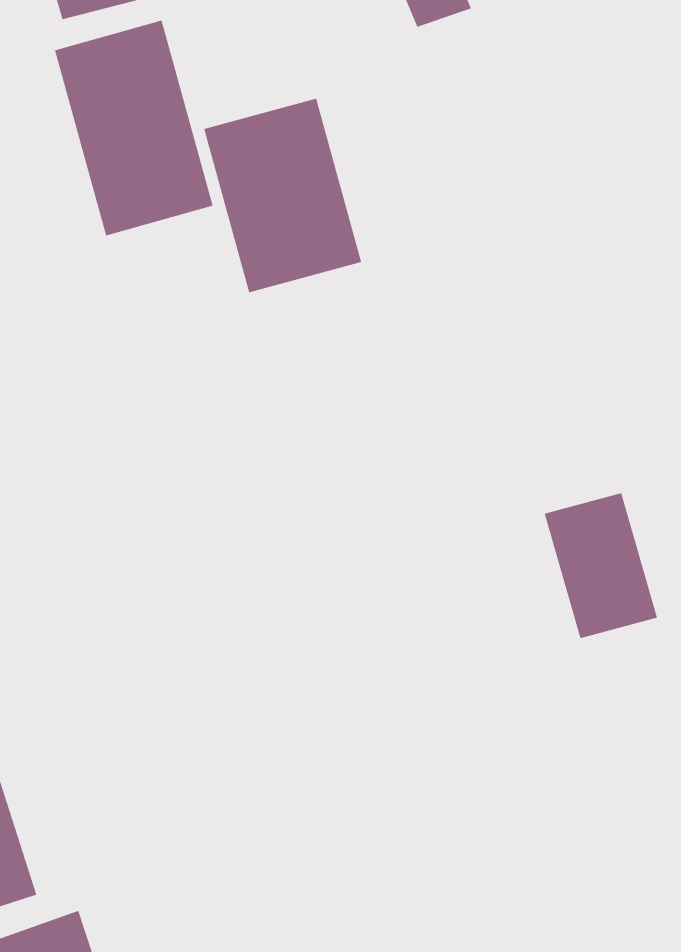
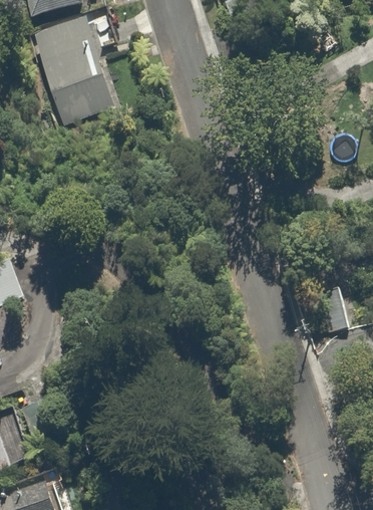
building: [204,98,362,293] -> none

